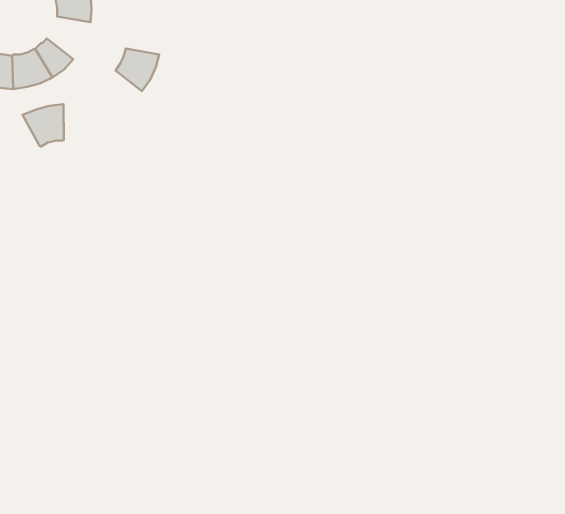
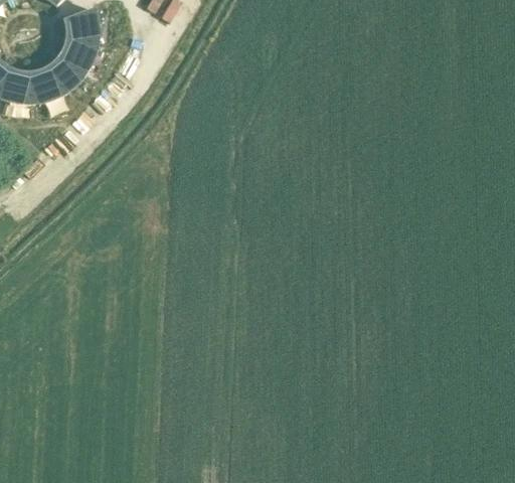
building: [115,49,159,91] -> [57,38,96,75]
building: [23,104,64,146] -> none

